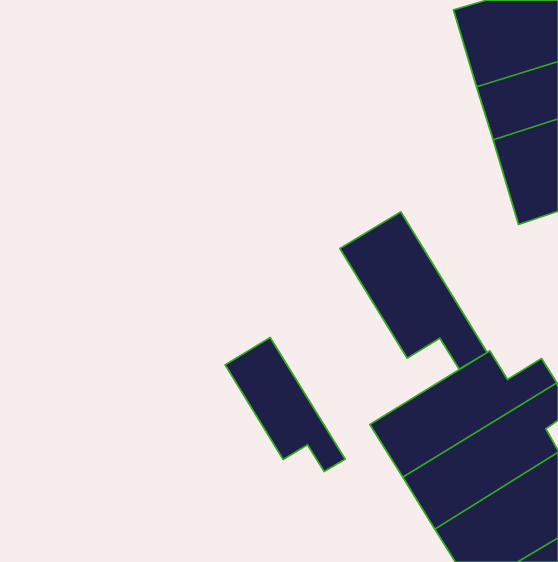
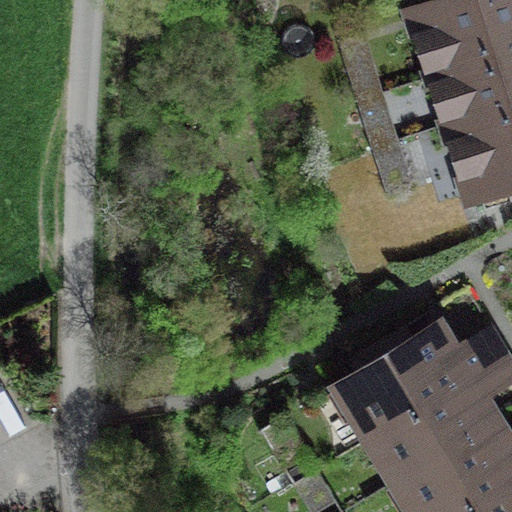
building: [340,212,487,369] -> none
building: [225,338,345,472] -> none

